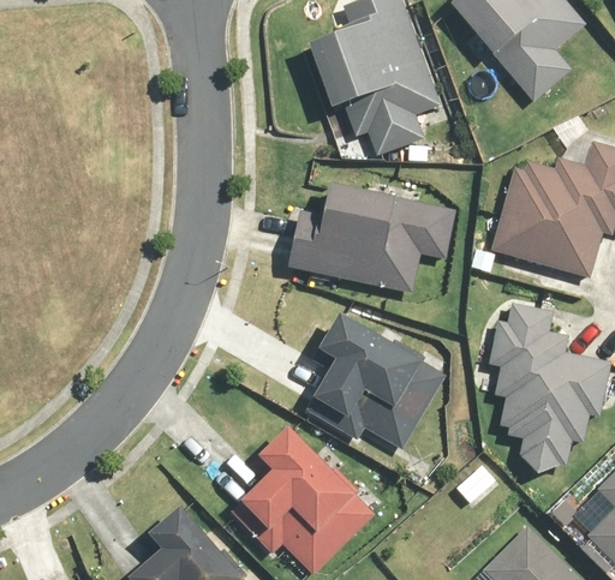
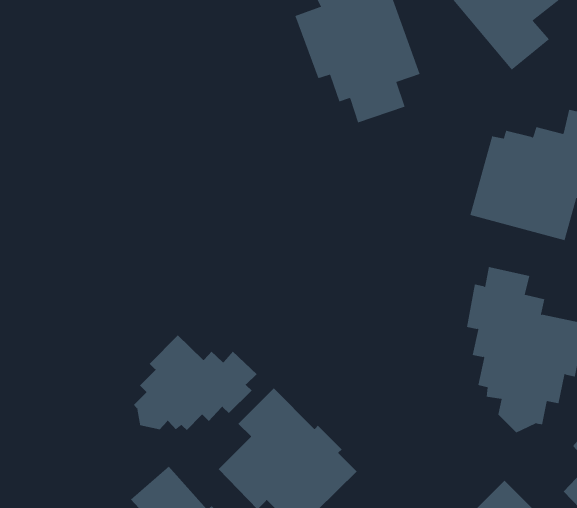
building: [287,183,456,294] -> none
building: [306,312,447,450] -> none
building: none -> [133,335,257,431]

